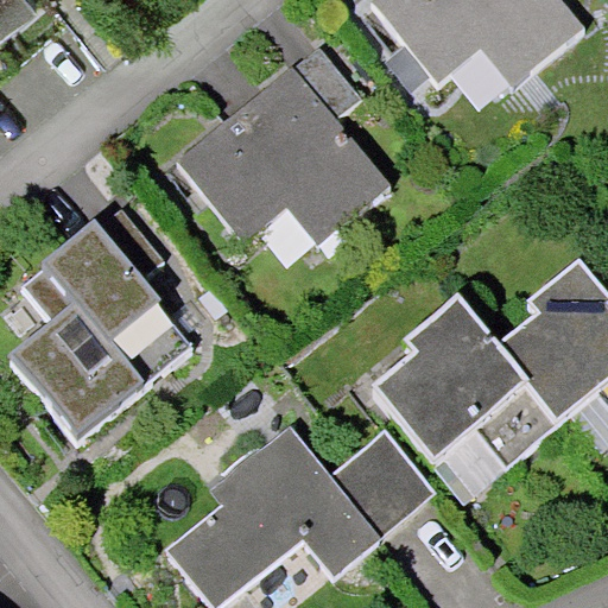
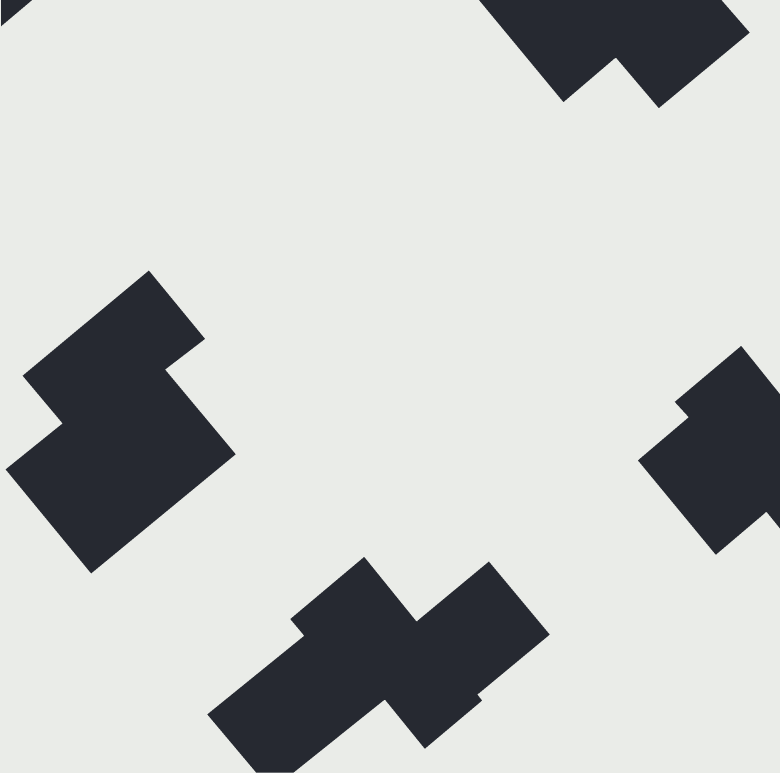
building: [177,44,387,245] -> none
building: [373,305,557,470] -> none

